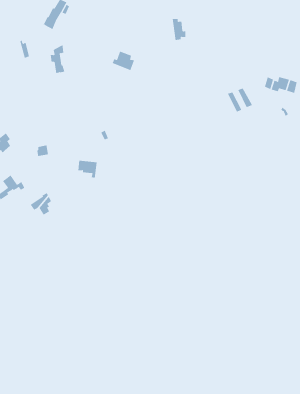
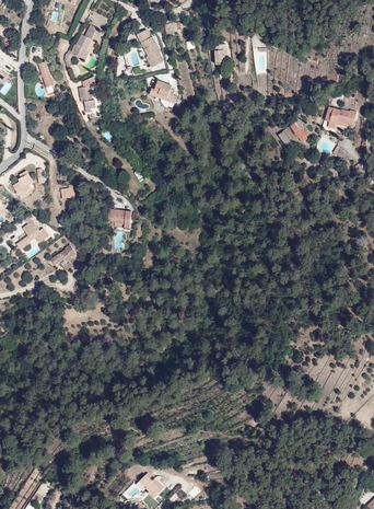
building: none -> [137,28,164,67]

